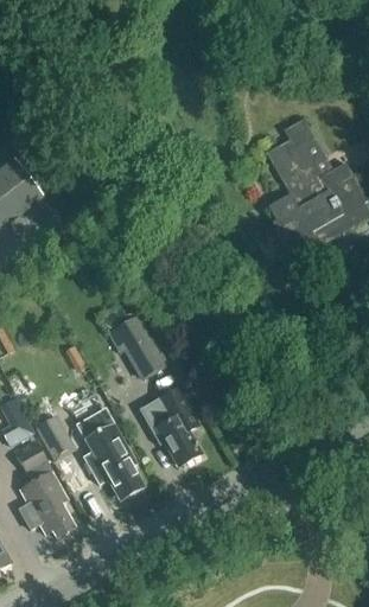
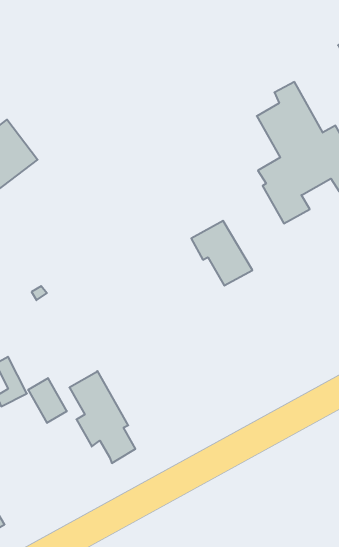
building: [107,314,168,379] -> [191,221,252,286]
building: [139,388,202,467] -> none
building: [15,440,75,537] -> none

